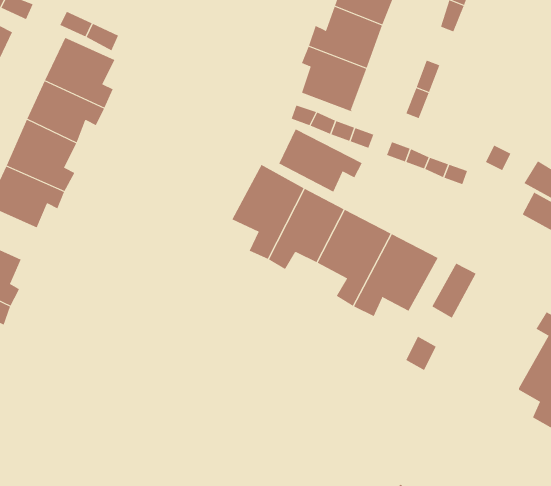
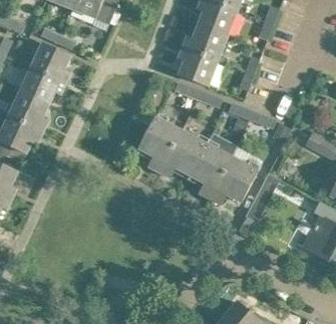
building: [279,128,362,193] -> none

